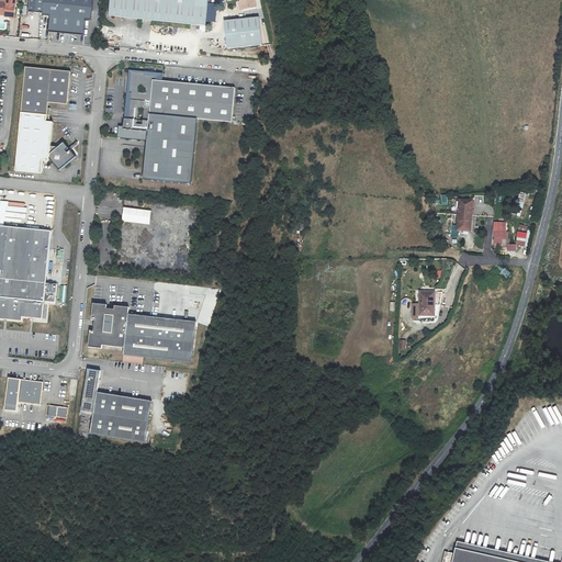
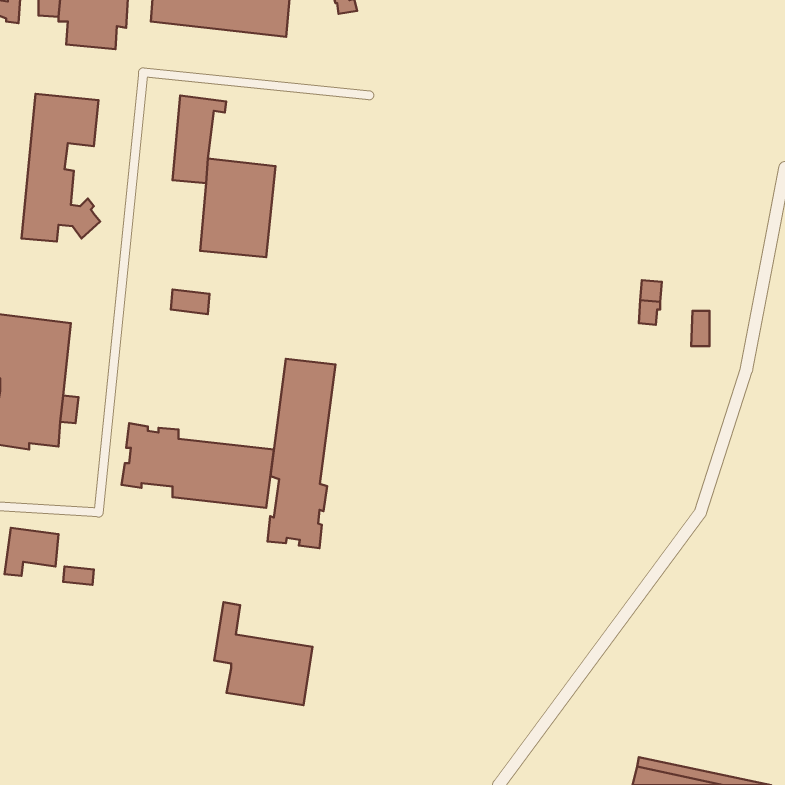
building: [223,18,261,49] -> none
building: [148,79,234,122] -> none
building: none -> [267,359,336,548]
building: [418,291,441,317] -> none
building: [80,368,150,441] -> [214,602,313,705]

